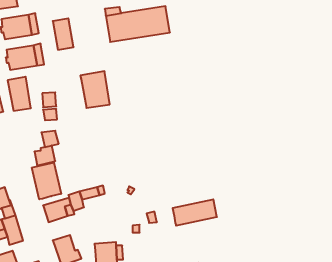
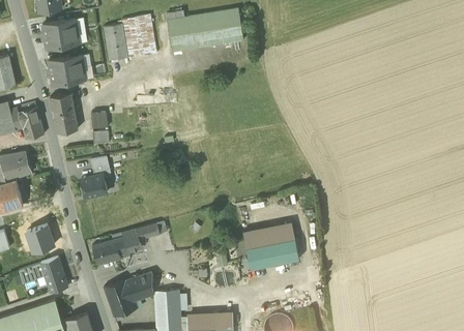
building: [80,71,110,108] -> [121,14,156,58]
building: [32,162,61,199] -> none
building: none -> [243,222,295,249]
building: none -> [124,273,153,301]

